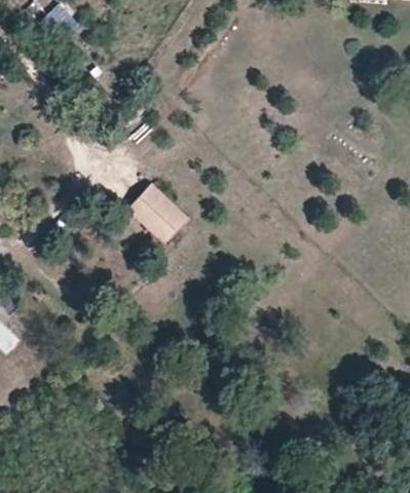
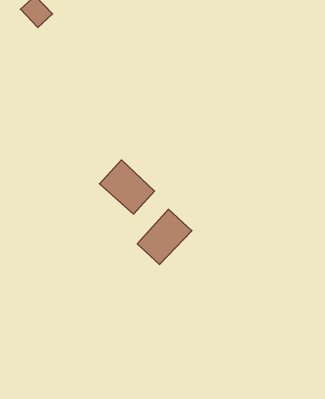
building: none -> [137,209,192,265]

